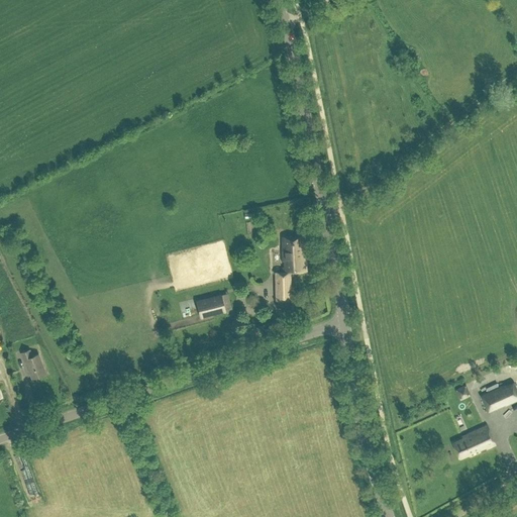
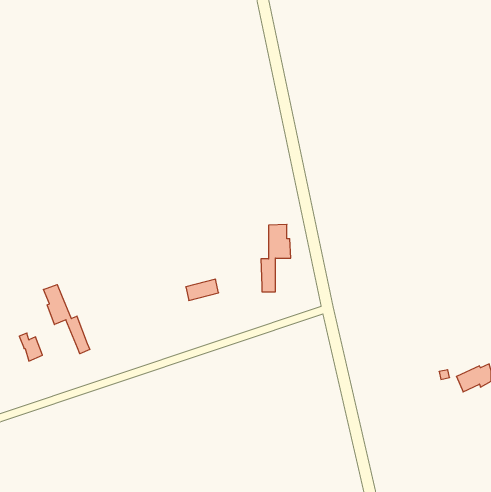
building: none -> [43,285,90,354]
building: [450,425,494,458] -> none

